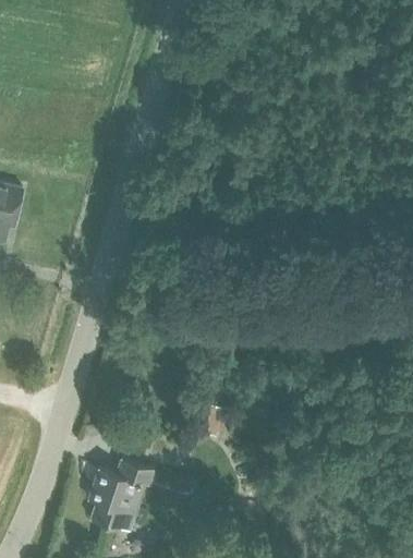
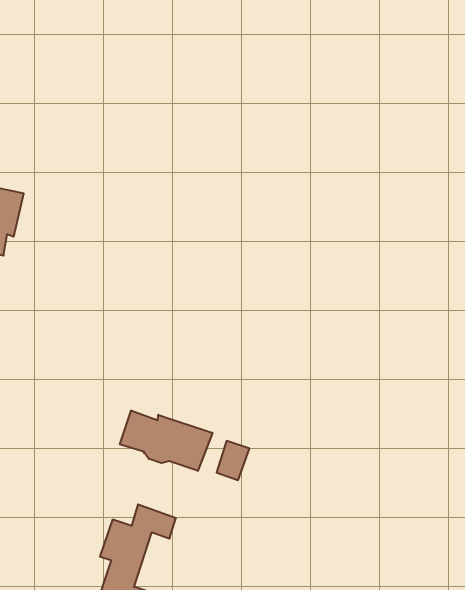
building: none -> [120,410,212,471]

